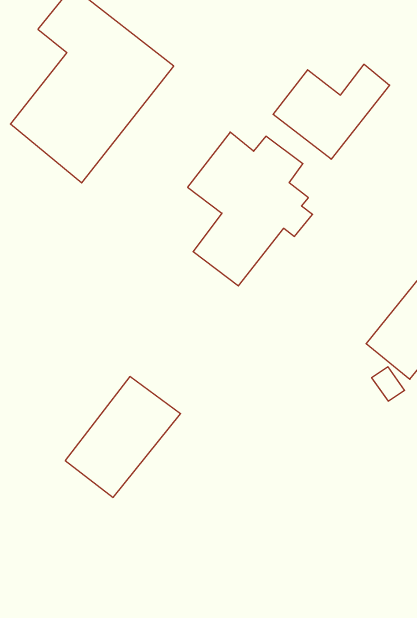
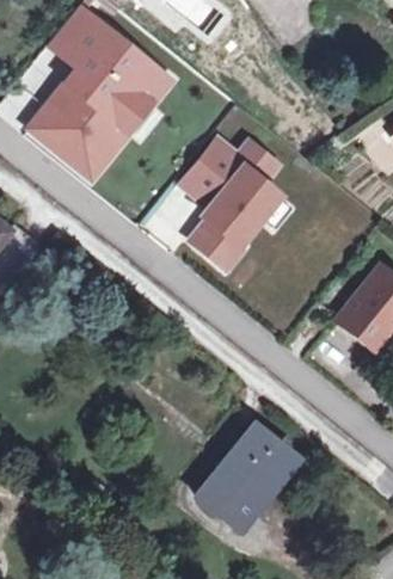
building: [273,64,390,159] -> none
building: [65,377,181,497] -> [191,421,291,526]

